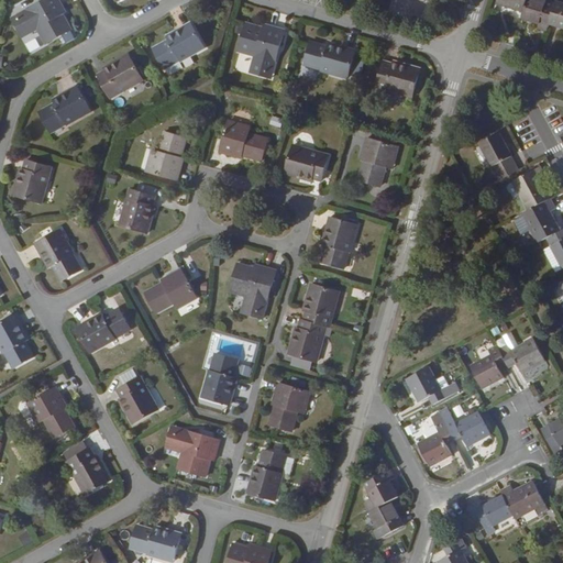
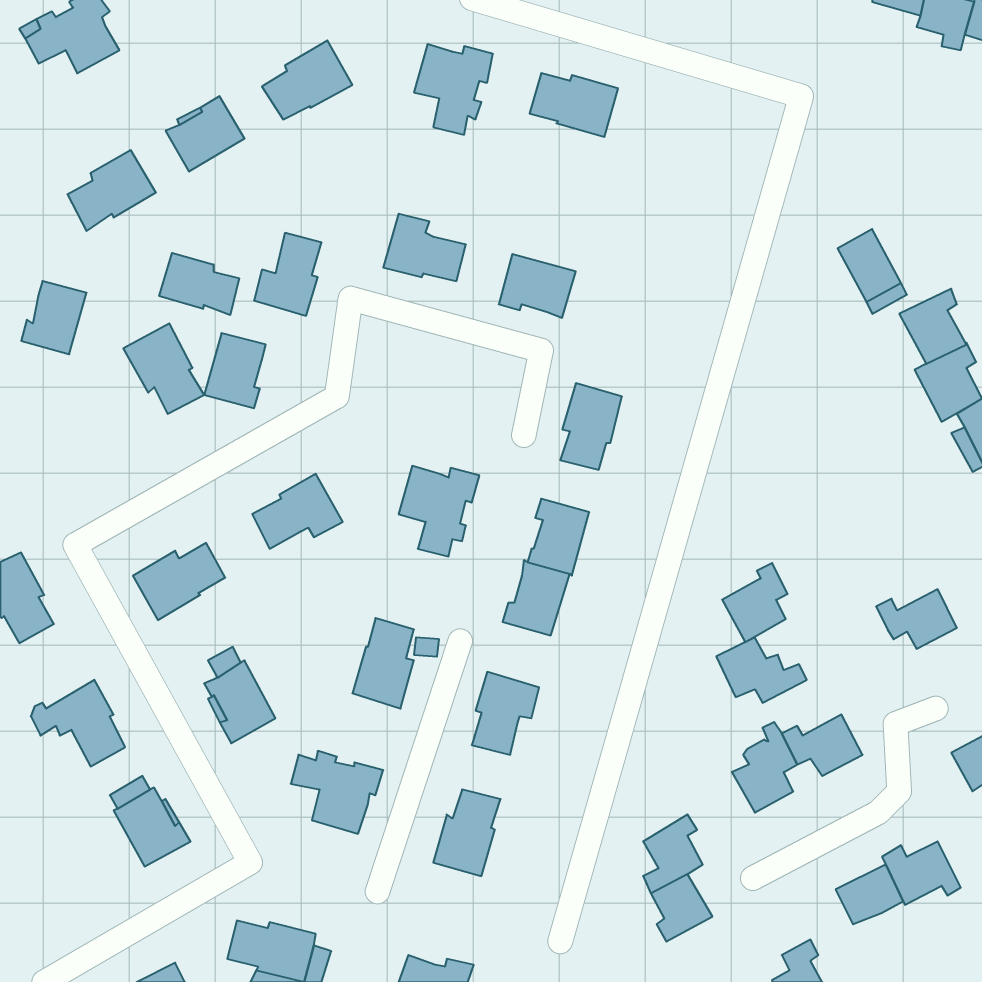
building: [375,63,419,98] -> none
building: [360,139,398,186] -> none
building: none -> [159,253,239,315]
building: [34,230,80,282] -> [123,323,204,414]
building: [471,342,508,387] -> [722,563,788,642]

